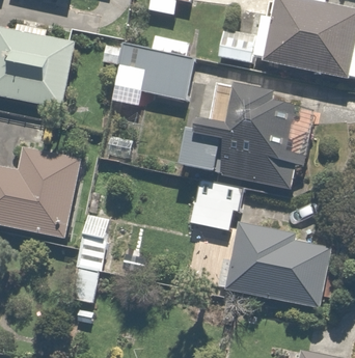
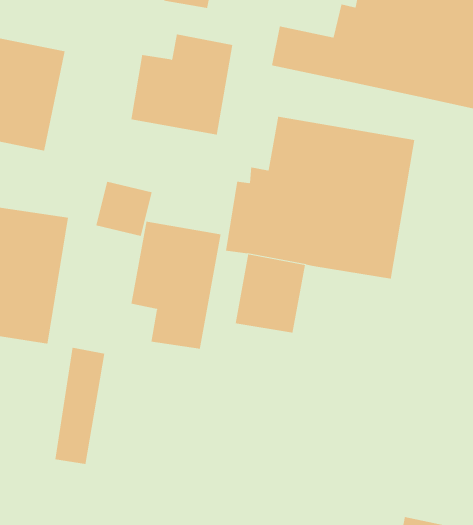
building: none -> [131,221,221,350]
building: [221,222,331,306] -> none

